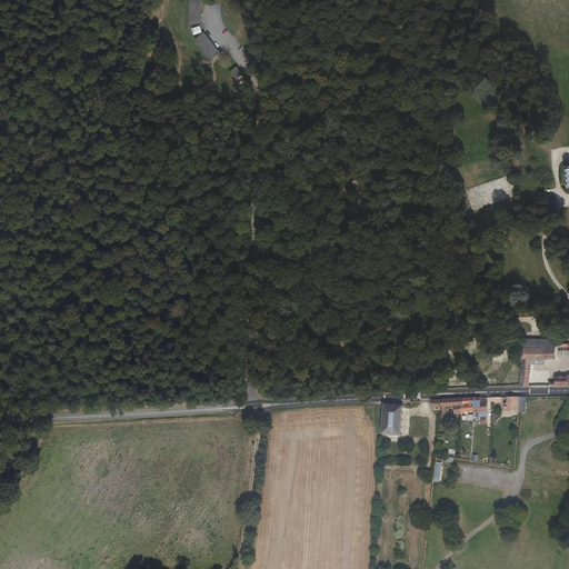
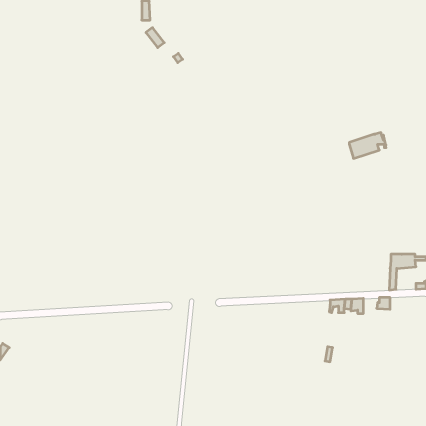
building: [380,401,402,436] -> none

